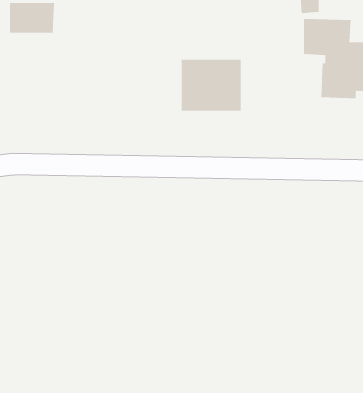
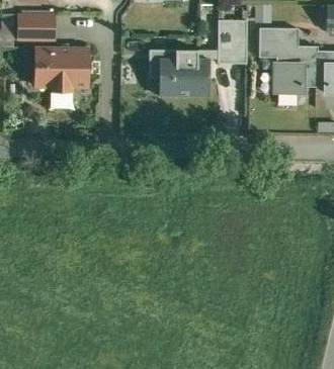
building: none -> [217,23,245,67]
building: none -> [34,45,88,90]

